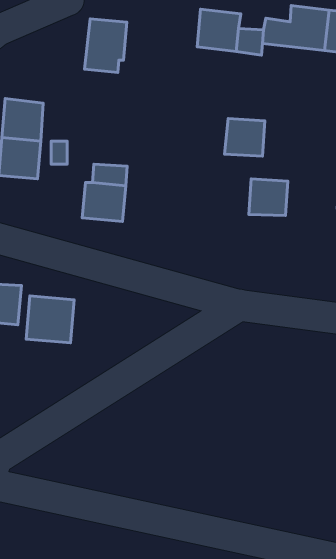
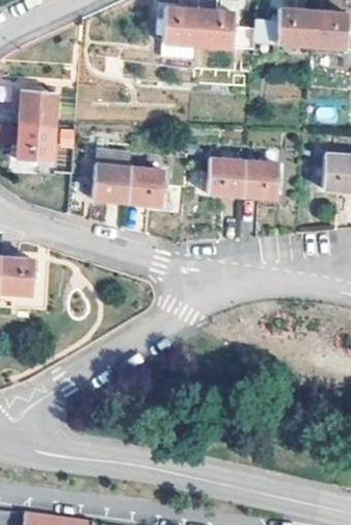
building: [84,19,127,73] -> [160,5,198,54]
building: [225,118,265,156] -> [208,160,244,194]
building: none -> [128,168,162,204]
building: [26,296,74,343] -> none

